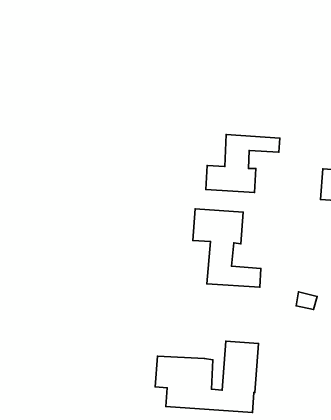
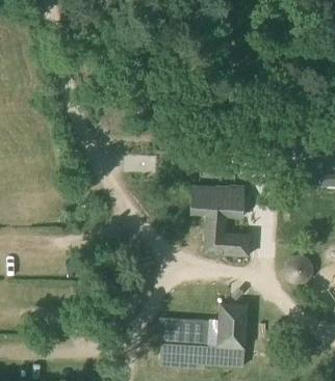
building: [206,135,280,192] -> none

